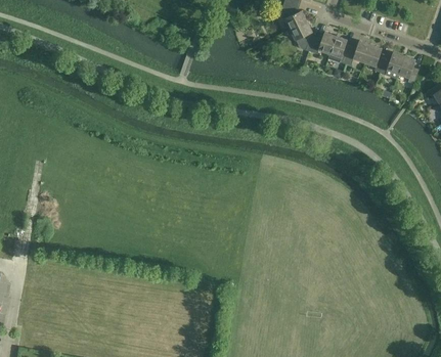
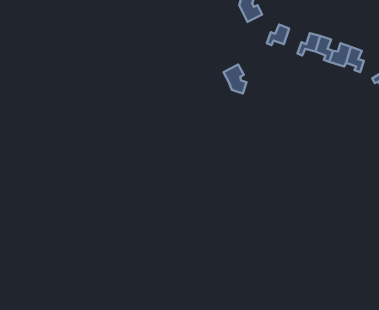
building: [290,20,315,52] -> [223,65,247,93]
building: [327,36,349,63] -> none

